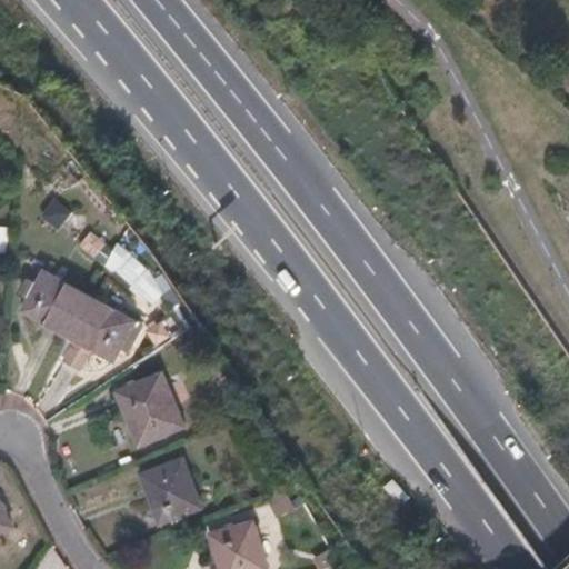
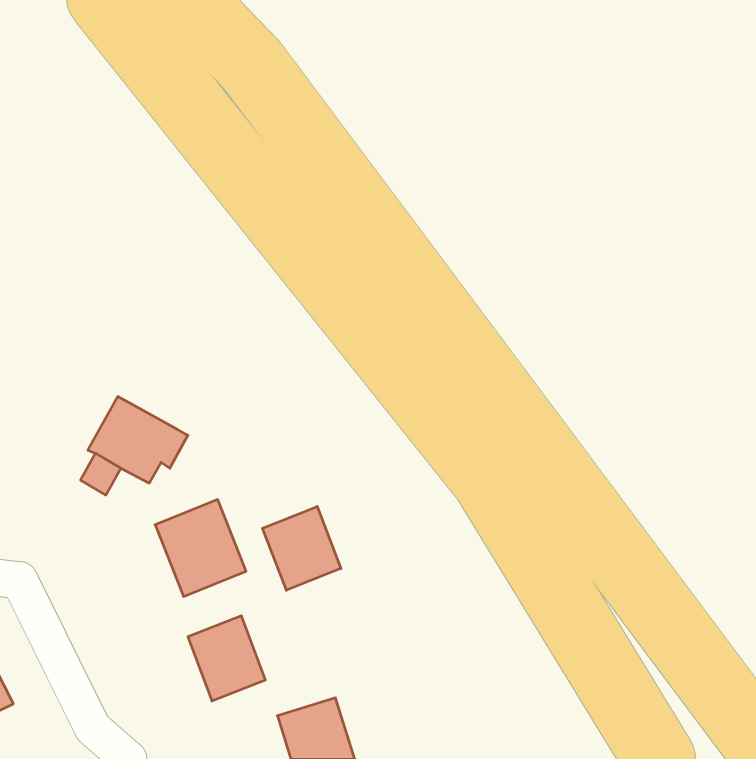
building: [21,270,88,336] -> none
building: none -> [263,506,341,590]

